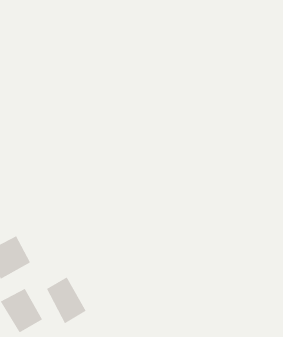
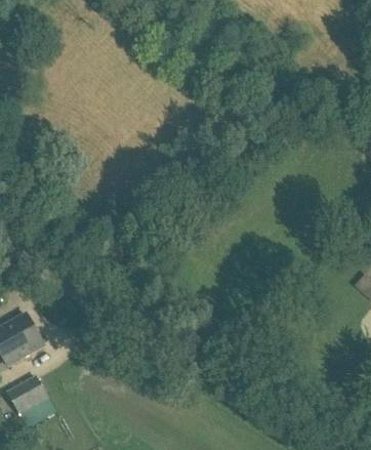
building: [46,277,87,324] -> none

